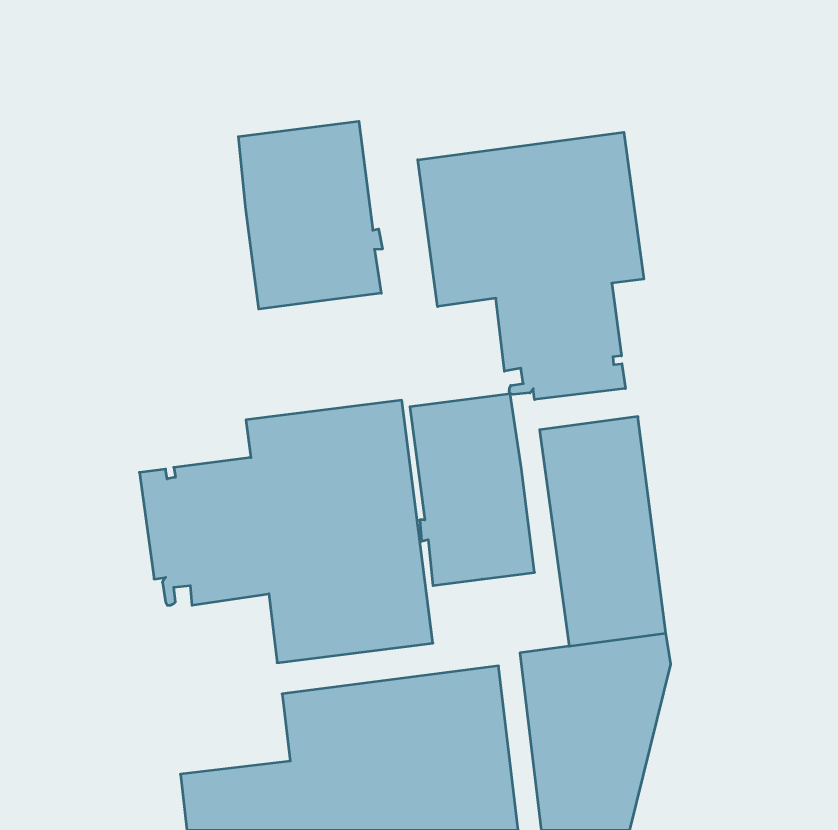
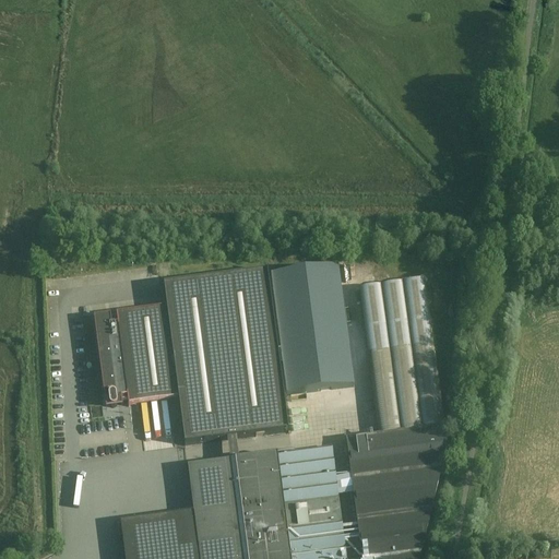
building: [238,121,382,309] -> none
building: [418,132,644,400] -> none

